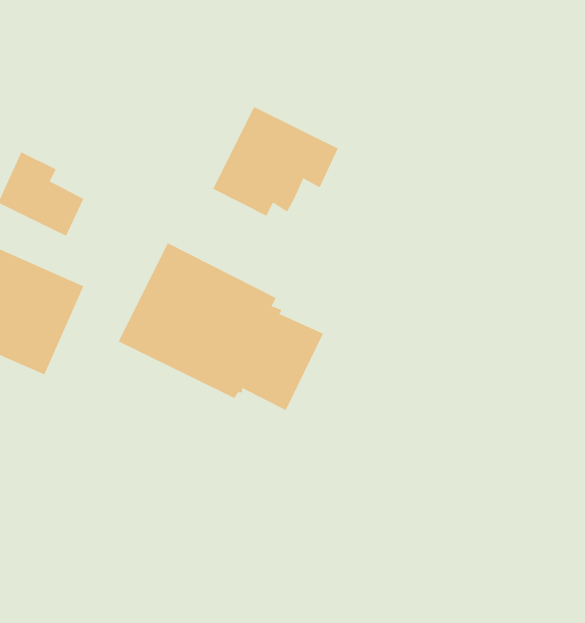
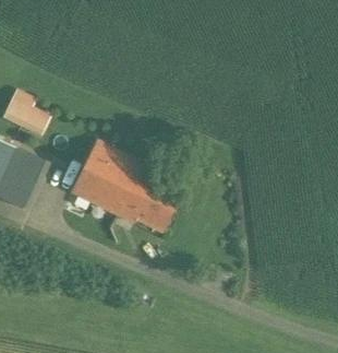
building: [213,106,338,216] -> none

